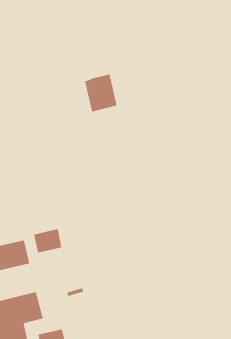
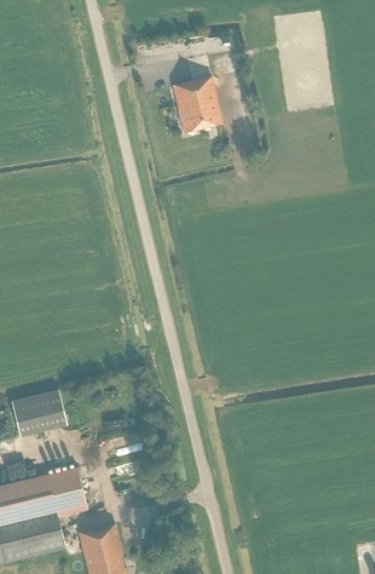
building: [84,74,118,112] -> [173,75,223,133]
building: [33,228,62,254] -> none

